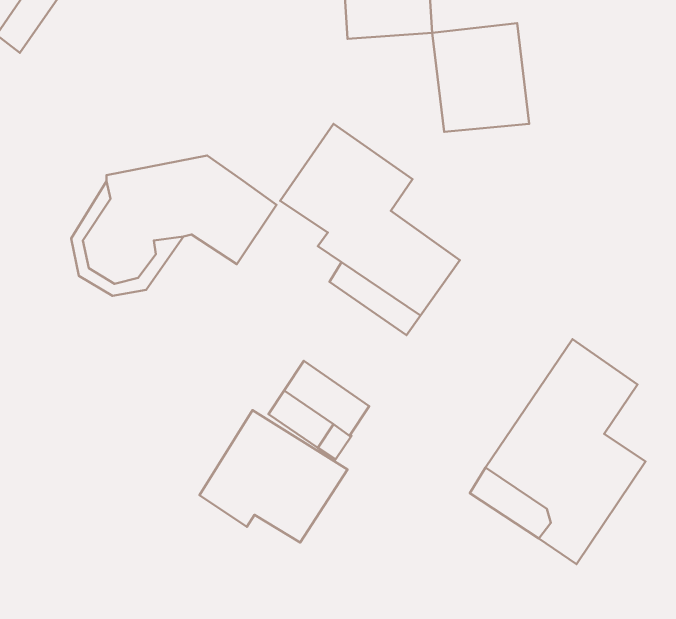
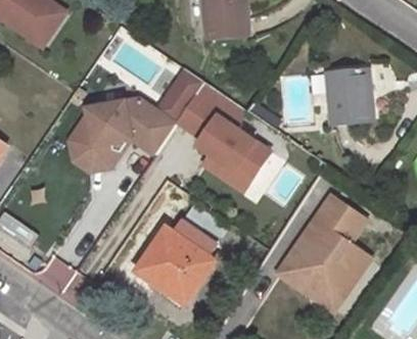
building: [432,23,529,132] -> [321,66,371,123]
building: none -> [157,68,205,124]

